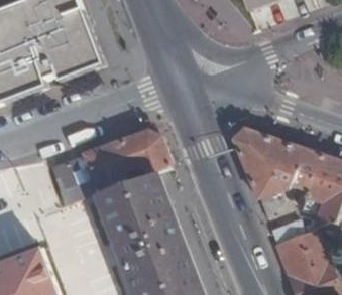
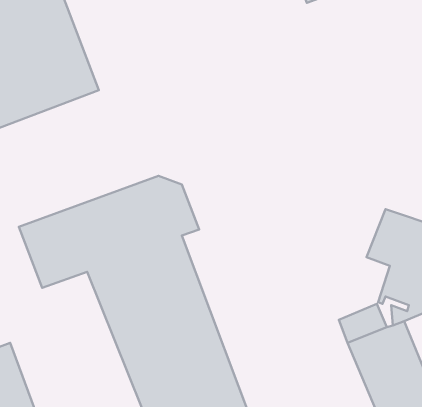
building: [230,131,299,212] -> none

